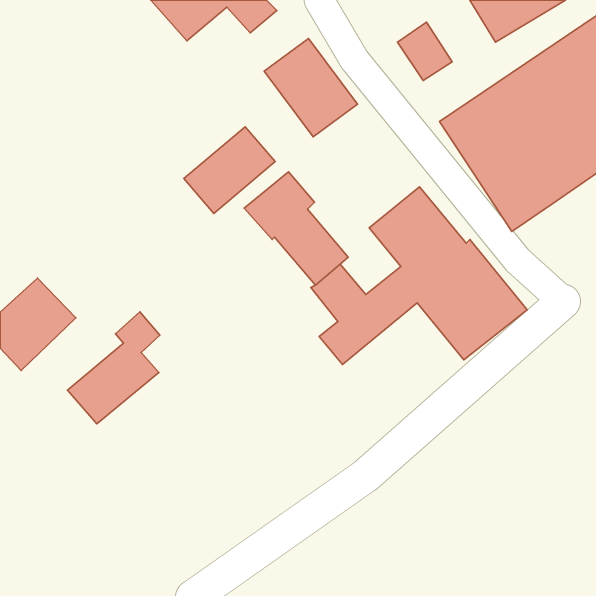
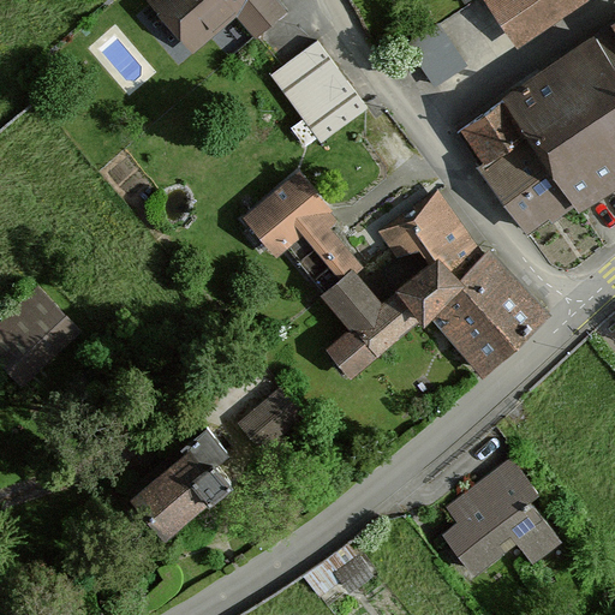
building: [184,127,275,213] -> none
building: [68,312,160,424] -> [133,420,228,536]
building: none -> [239,384,304,448]
building: none -> [441,458,557,573]

